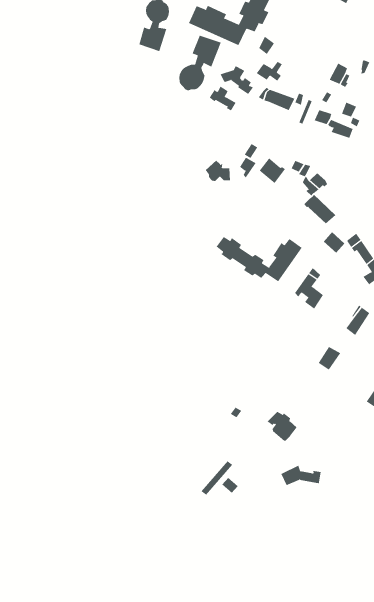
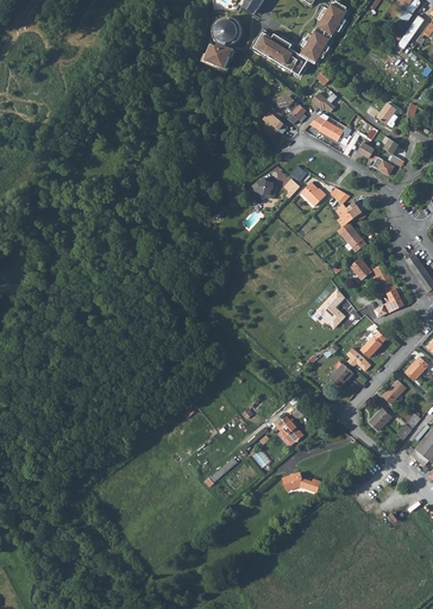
building: [179,35,222,91] -> none
building: [216,236,302,282] -> none

